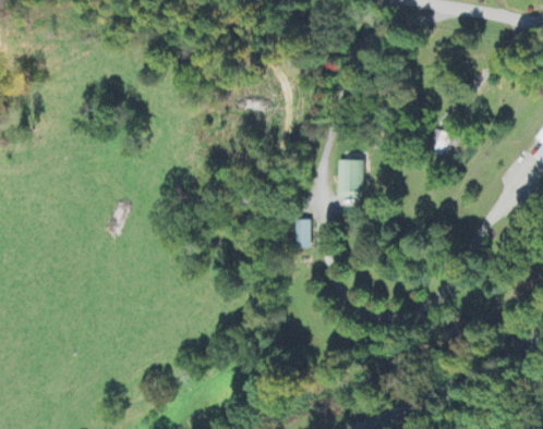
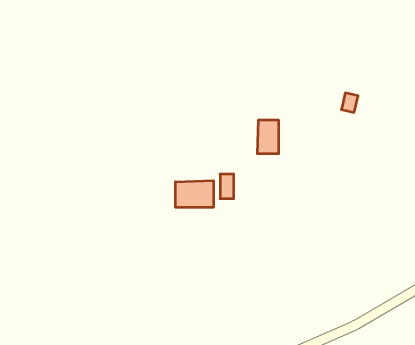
building: none -> [176,181,213,207]

